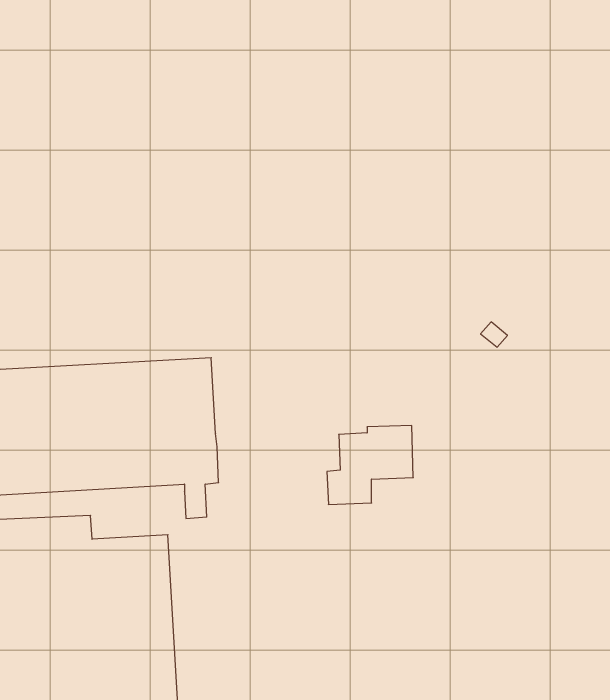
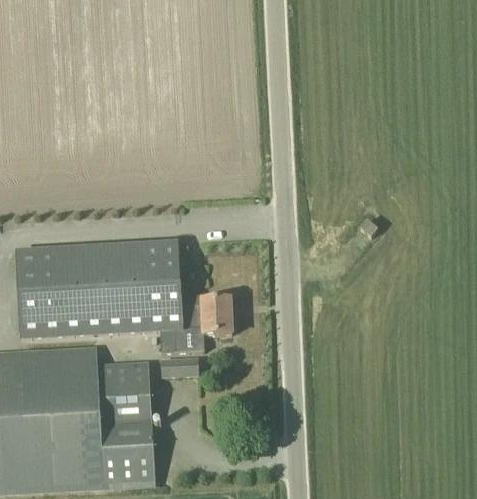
building: [327,426,413,504] -> [173,297,231,350]
building: none -> [161,359,198,376]

